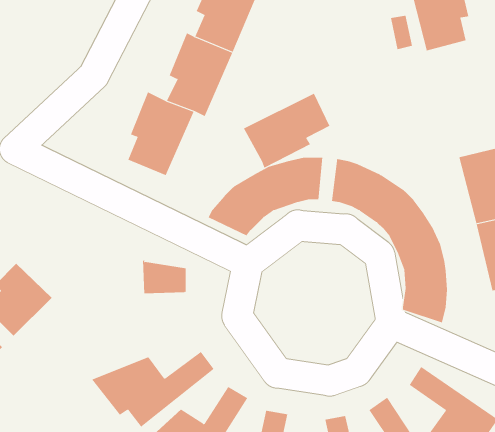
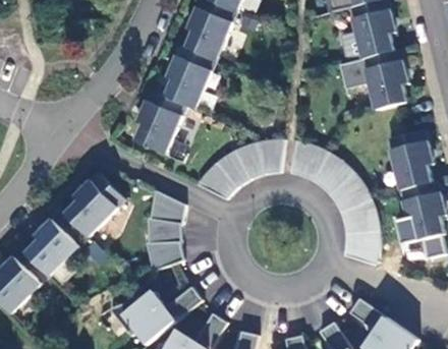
building: none -> [362,49,407,109]
building: [243,93,330,169] -> none
building: none -> [65,172,125,236]
building: none -> [149,189,184,223]
building: none -> [146,241,183,271]

